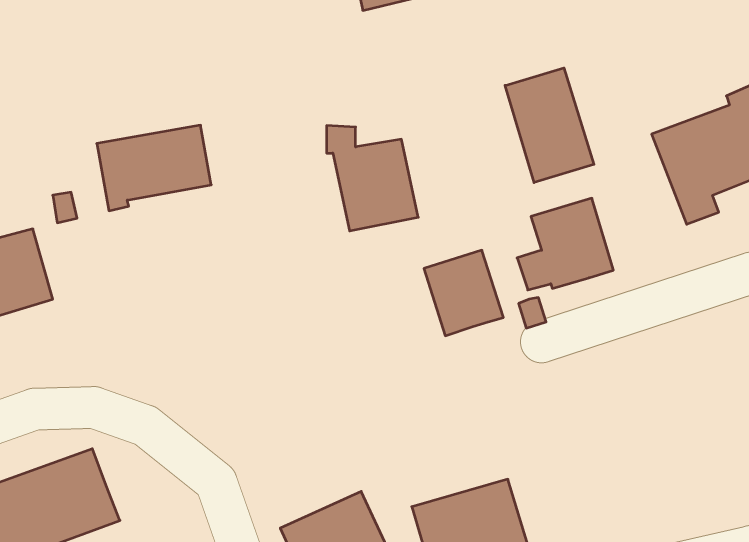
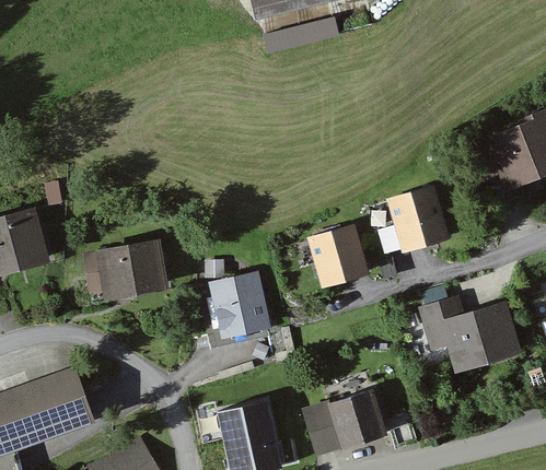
building: [505,68,594,183] -> none
building: [97,125,211,211] -> [84,244,166,305]
building: [327,126,418,231] -> [206,261,271,337]
building: none -> [419,297,525,371]

